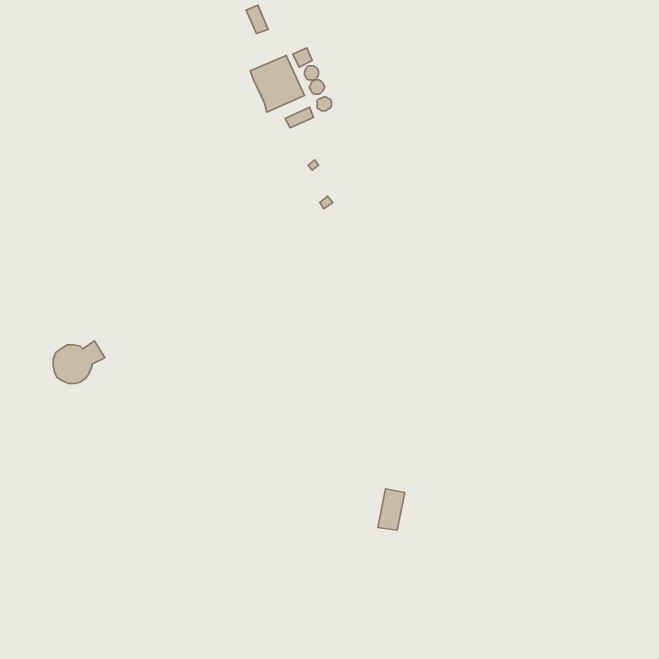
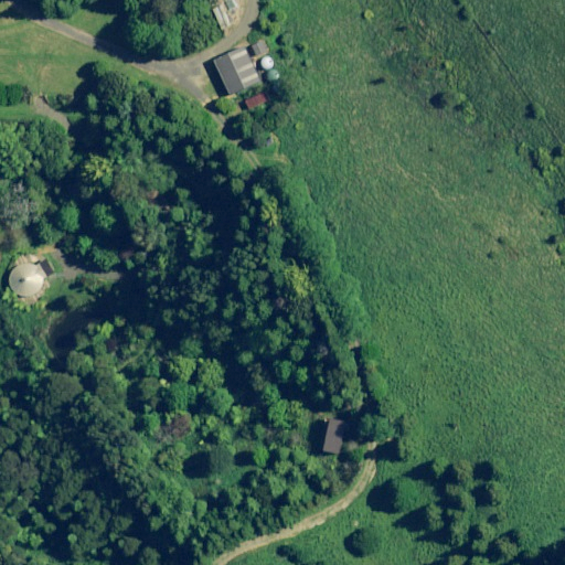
building: [53,341,105,384] -> [6,258,50,295]

